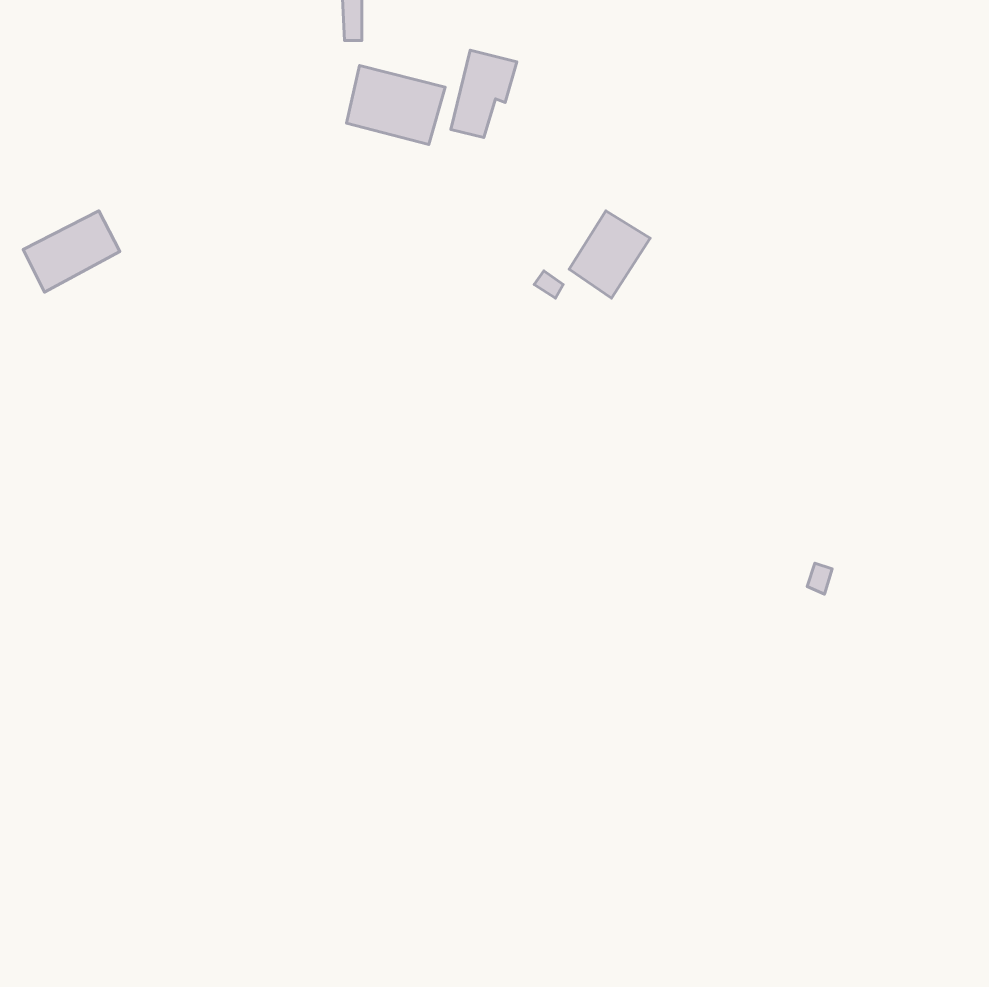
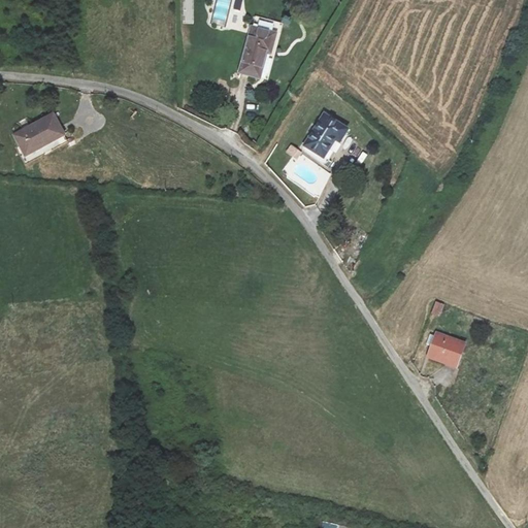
building: [347,66,445,145] -> none
building: none -> [427,330,465,366]

